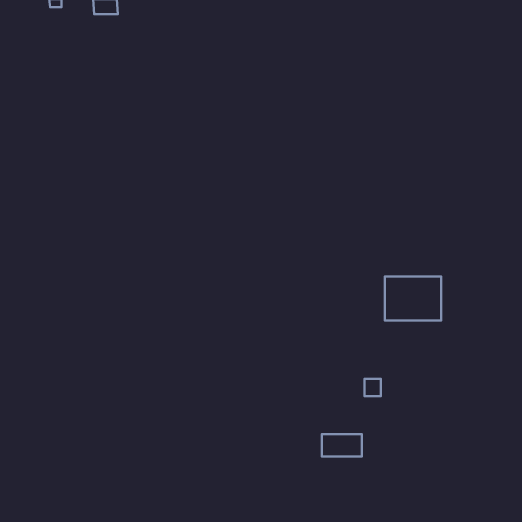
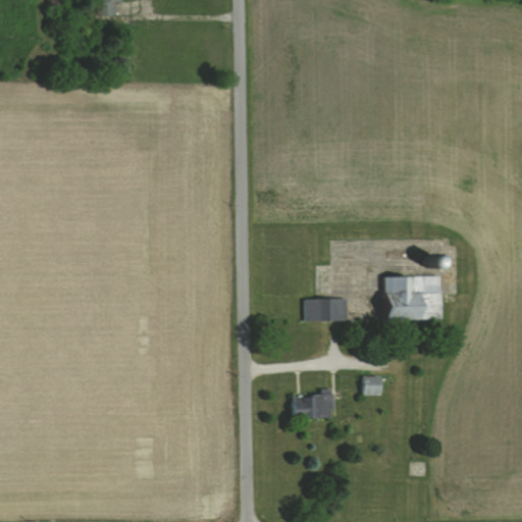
building: none -> [305,298,347,321]
building: [322,434,362,457] -> [292,396,331,418]

